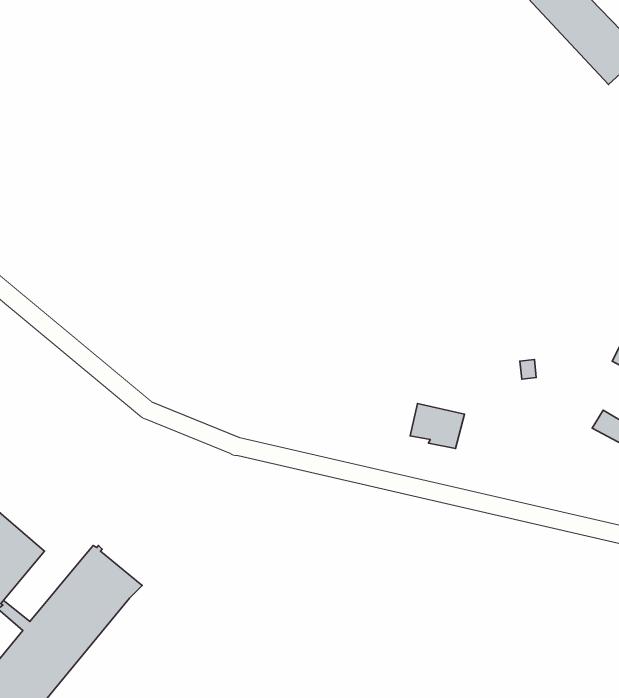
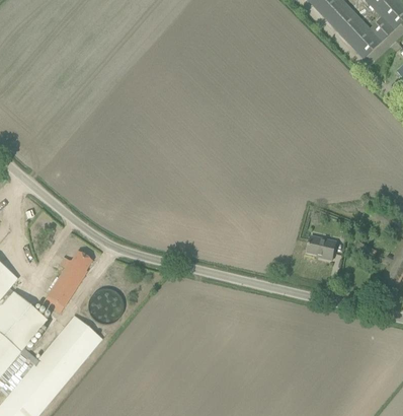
building: [410,403,465,449] -> [306,233,336,259]
building: none -> [43,250,91,311]

